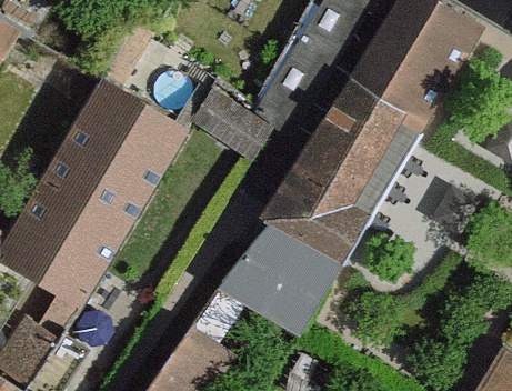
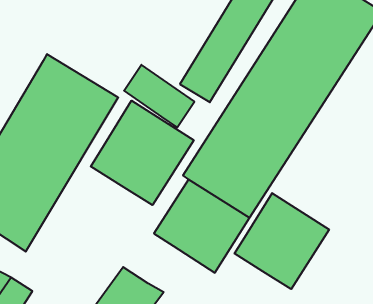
building: none -> [91,101,194,205]
building: none -> [235,193,329,289]

